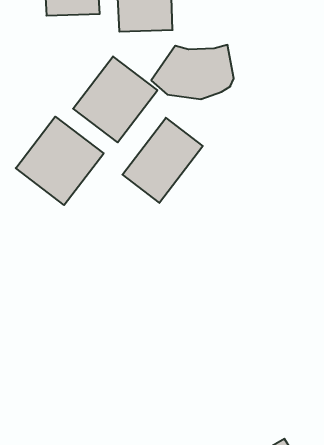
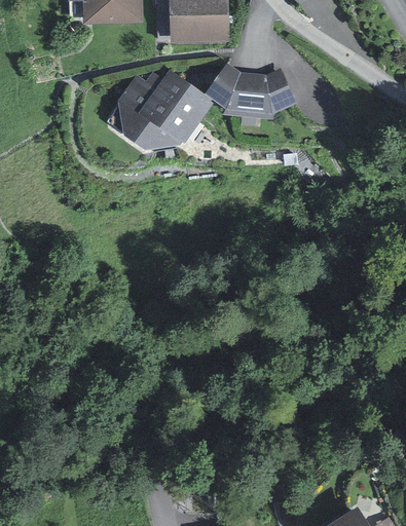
building: [16,117,104,205] -> none
building: [122,118,203,203] -> none

